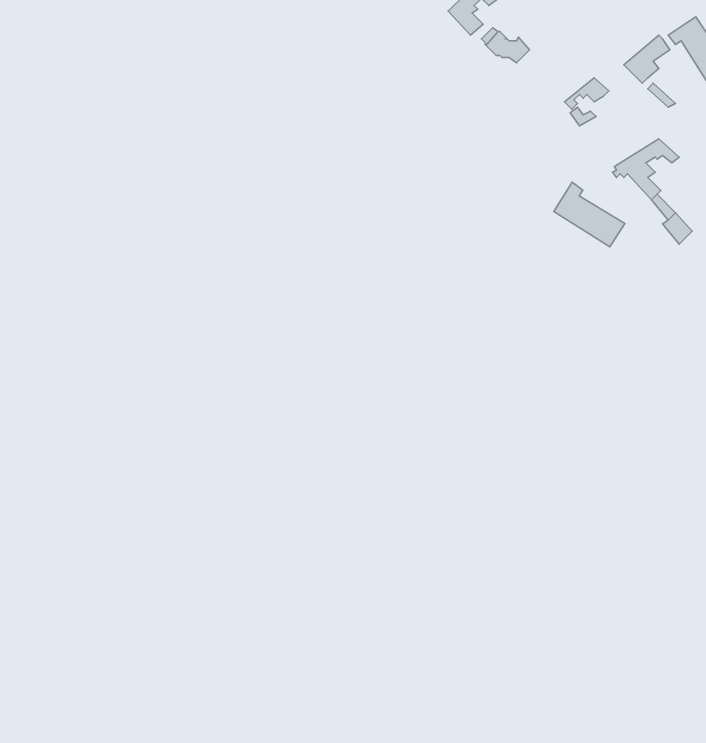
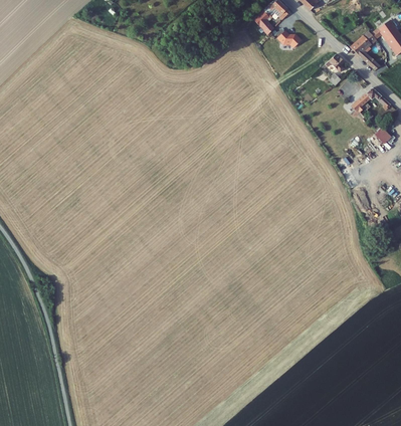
building: [554,182,625,247] -> none

